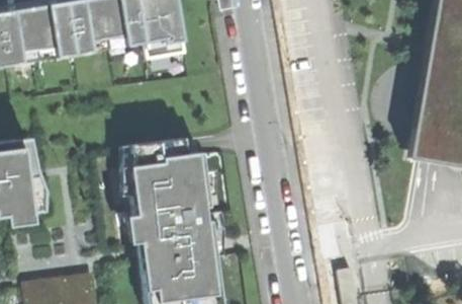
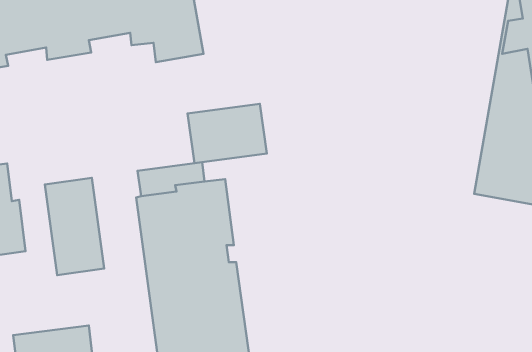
building: none -> [187,104,267,163]
building: none -> [45,178,104,275]

